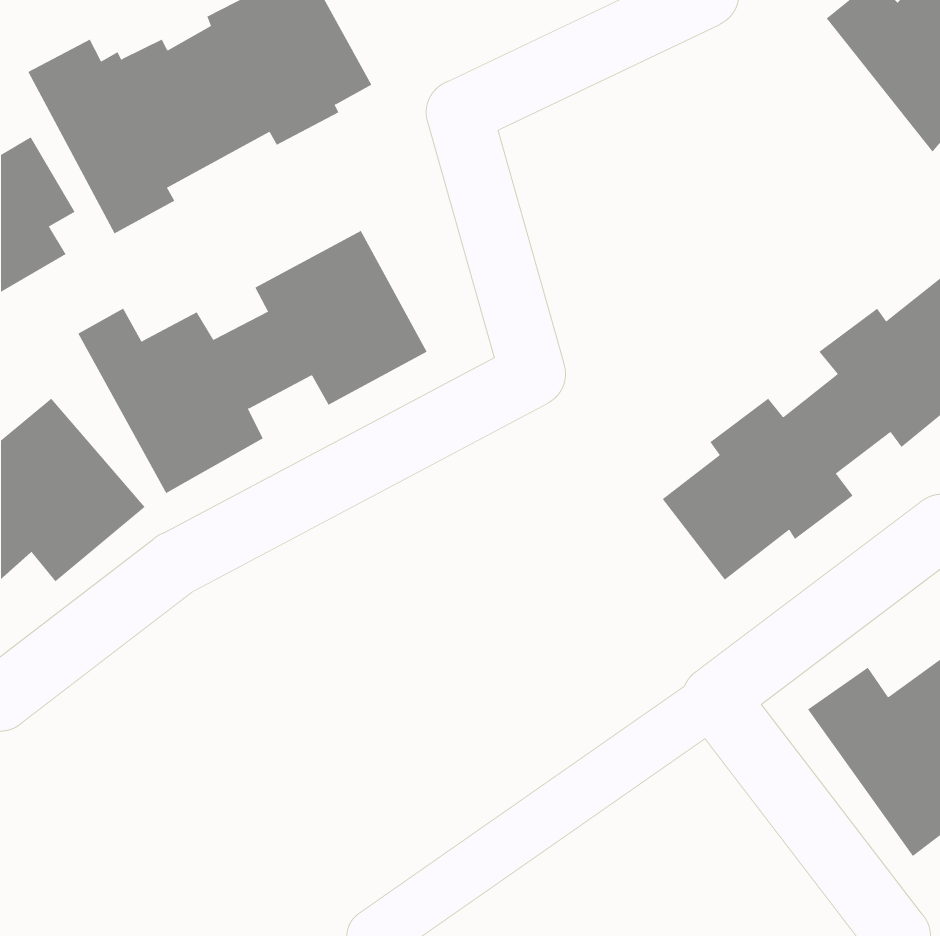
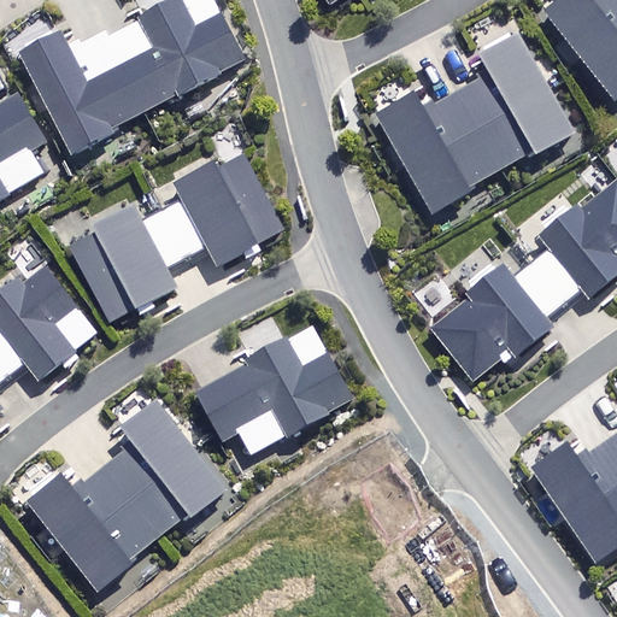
building: none -> [375,35,581,212]
building: none -> [195,323,351,454]
building: none -> [27,399,227,590]

